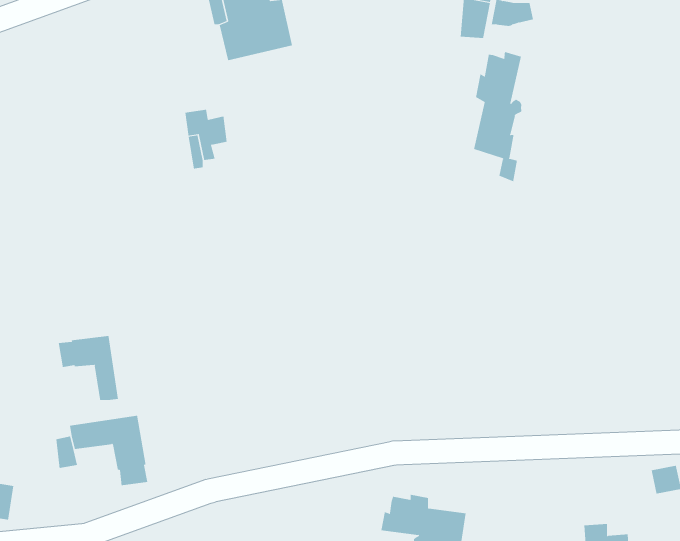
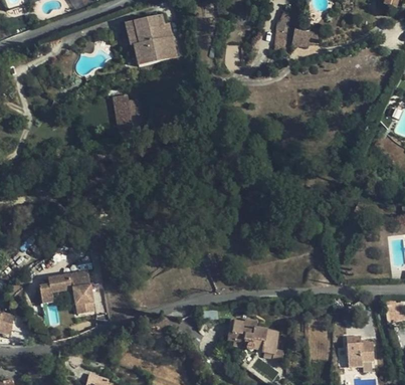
building: [474,51,522,182] -> none
building: [58,335,118,401] -> none

